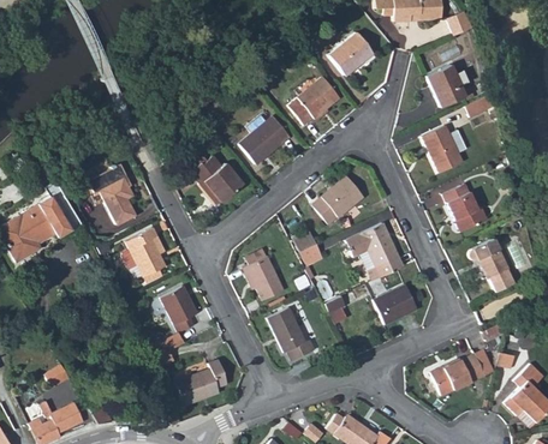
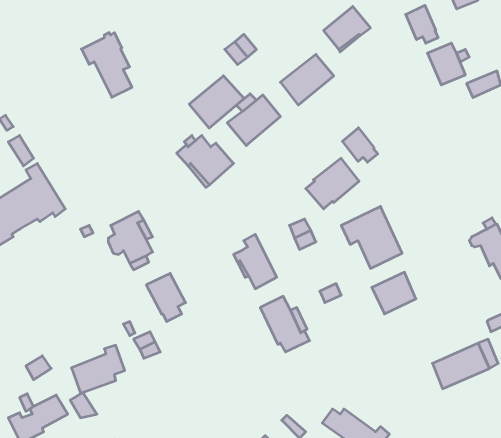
building: none -> [406,5,438,43]
building: none -> [189,76,244,128]
building: [422,127,465,174] -> none
building: none -> [342,128,378,162]
building: [88,164,136,226] -> [81,33,132,97]
building: [441,185,487,234] -> none
building: [177,360,227,406] -> [71,345,125,393]

